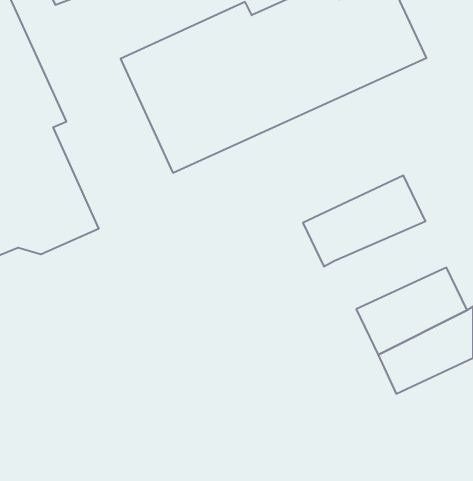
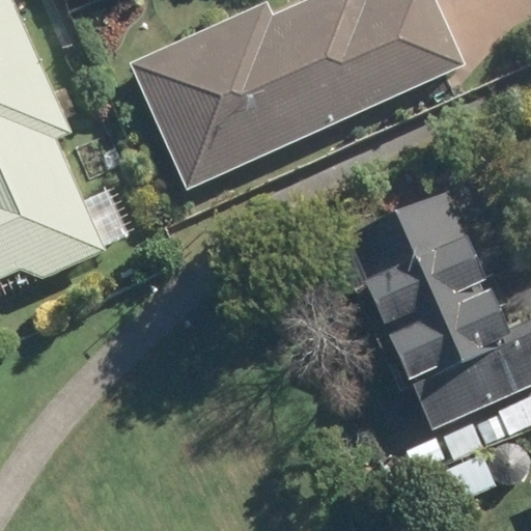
building: none -> [365,242,487,338]

